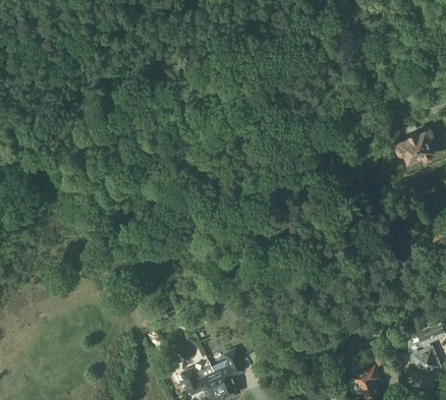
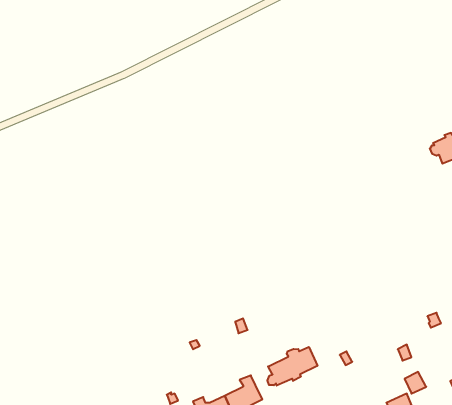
building: none -> [267,347,317,386]

